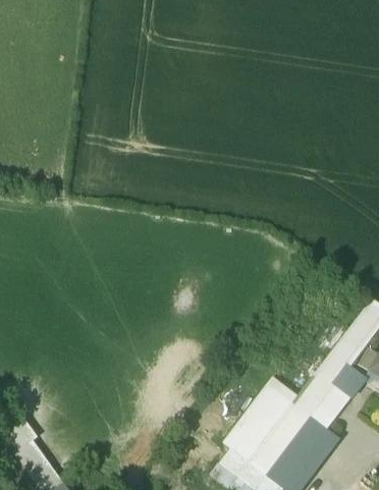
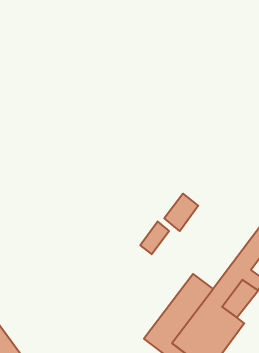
building: none -> [164,194,198,231]
building: none -> [140,221,169,254]

